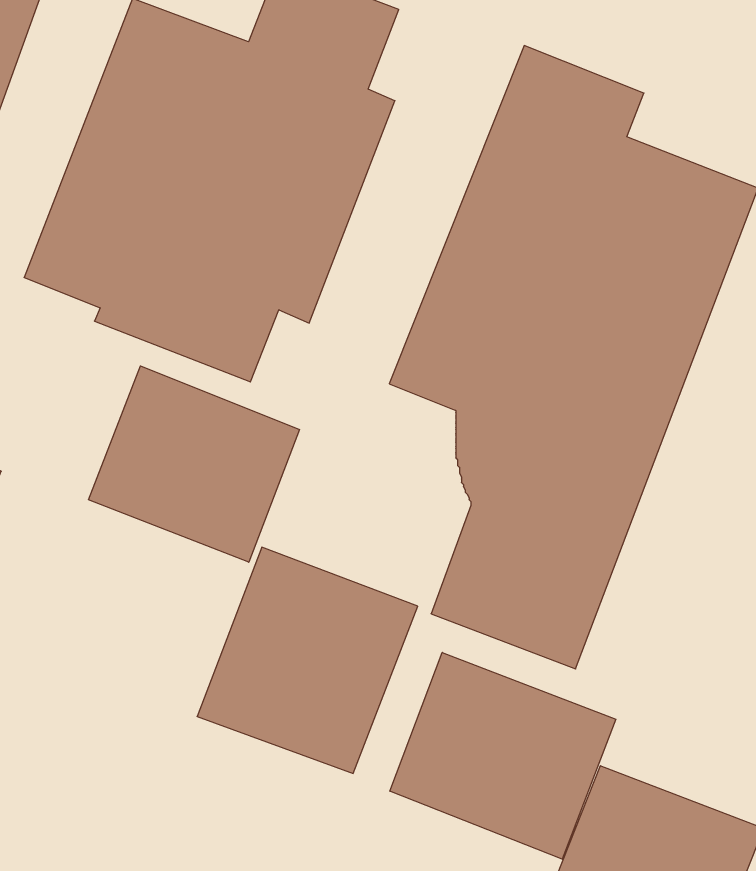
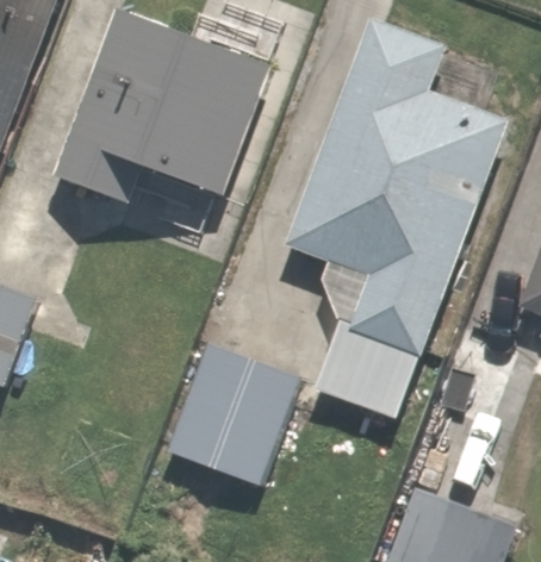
building: [89,366,299,562] -> none
building: [390,652,616,859] -> none

